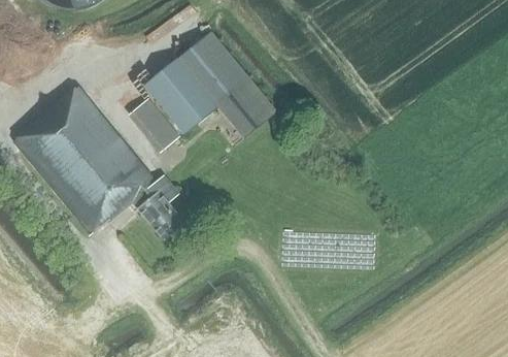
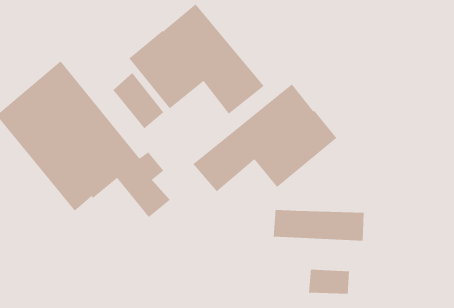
building: none -> [193,83,337,192]
building: none -> [308,269,350,294]

